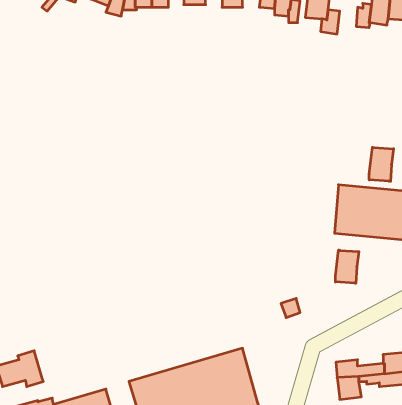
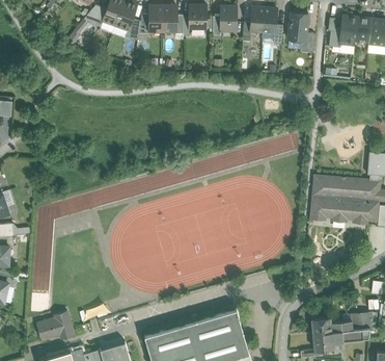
building: [369,147,394,181] -> none
building: [335,250,359,283] -> none

